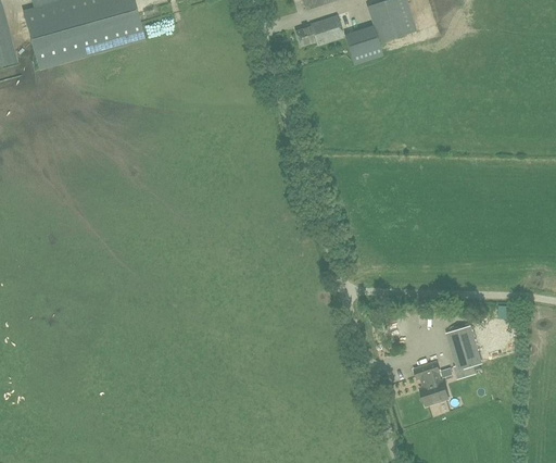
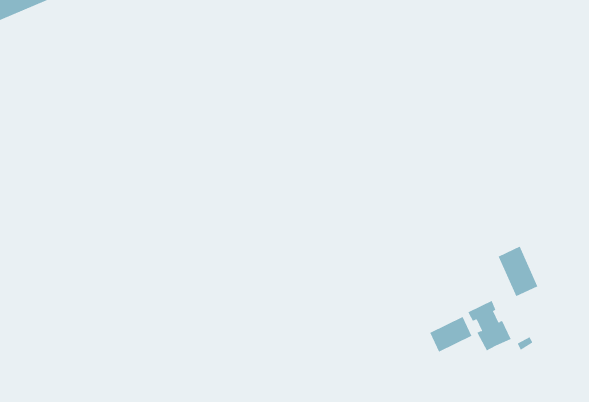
building: none -> [430,316,472,352]

